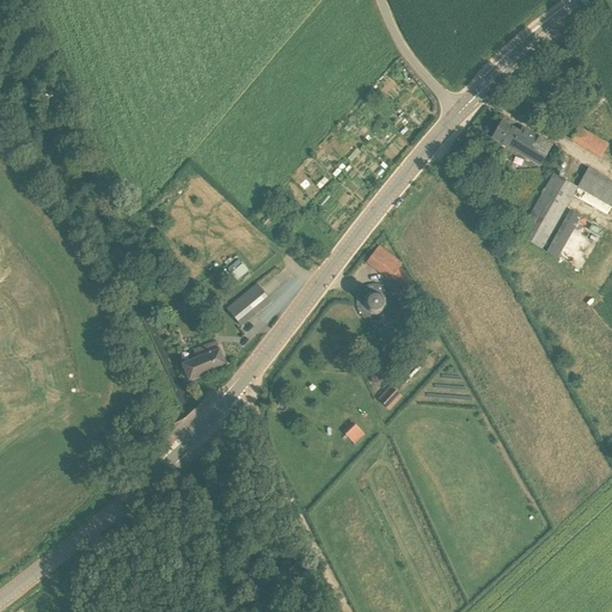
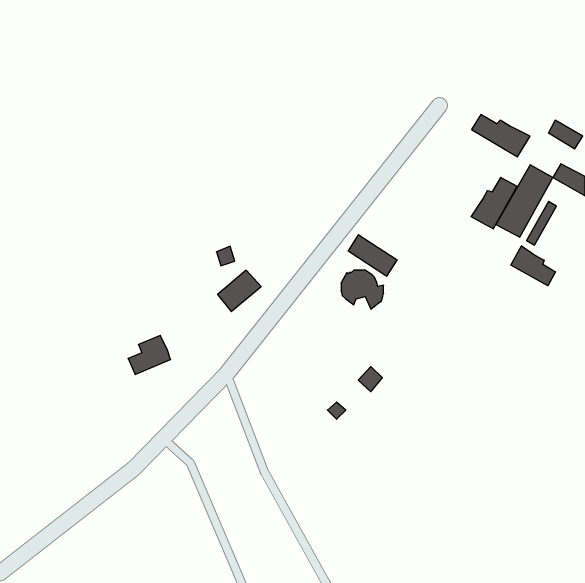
building: none -> [471,177,517,229]
building: none -> [511,246,555,286]
building: [182,337,226,378] -> [128,335,171,374]

